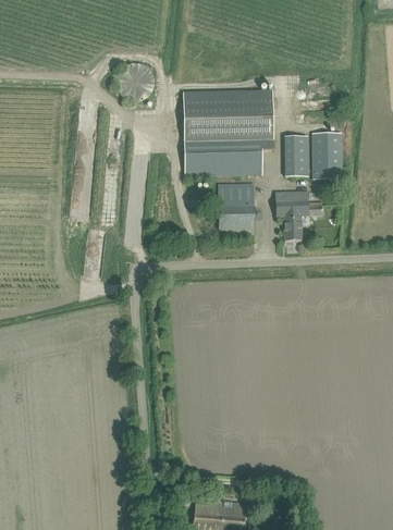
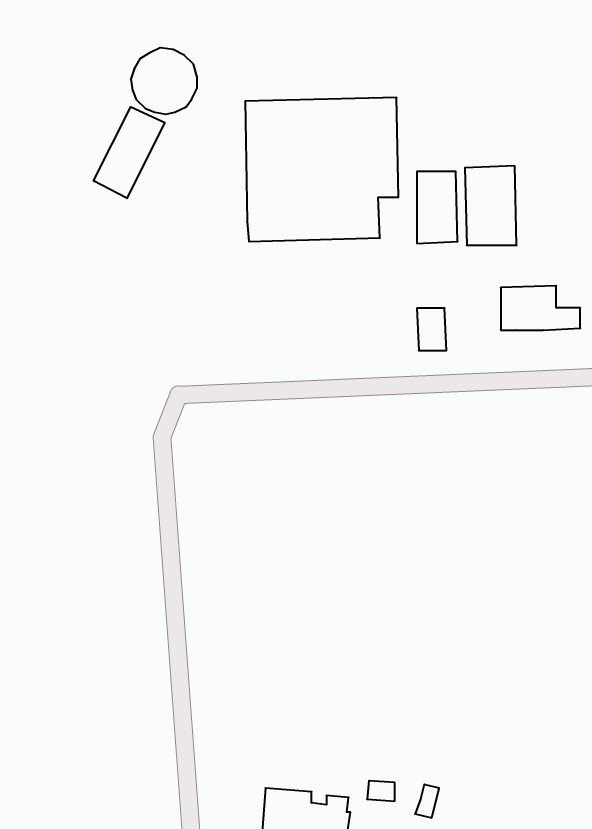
building: none -> [94,107,165,198]
building: [218,182,255,235] -> none
building: [275,188,322,214] -> [501,286,580,330]

